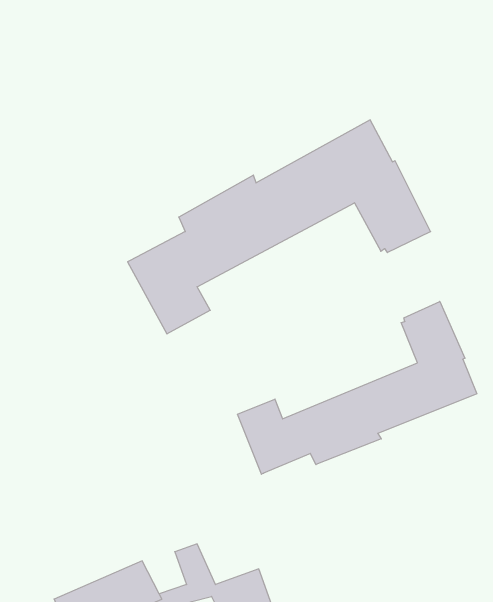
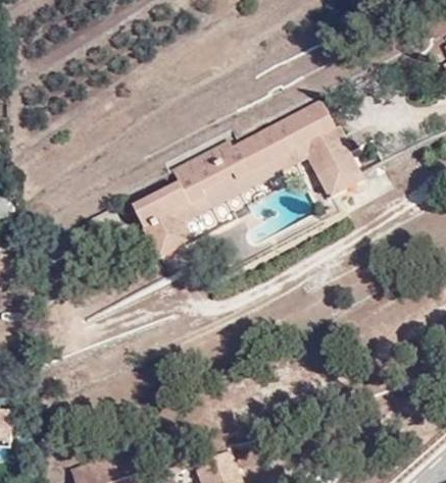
building: [237,301,477,474] -> none

